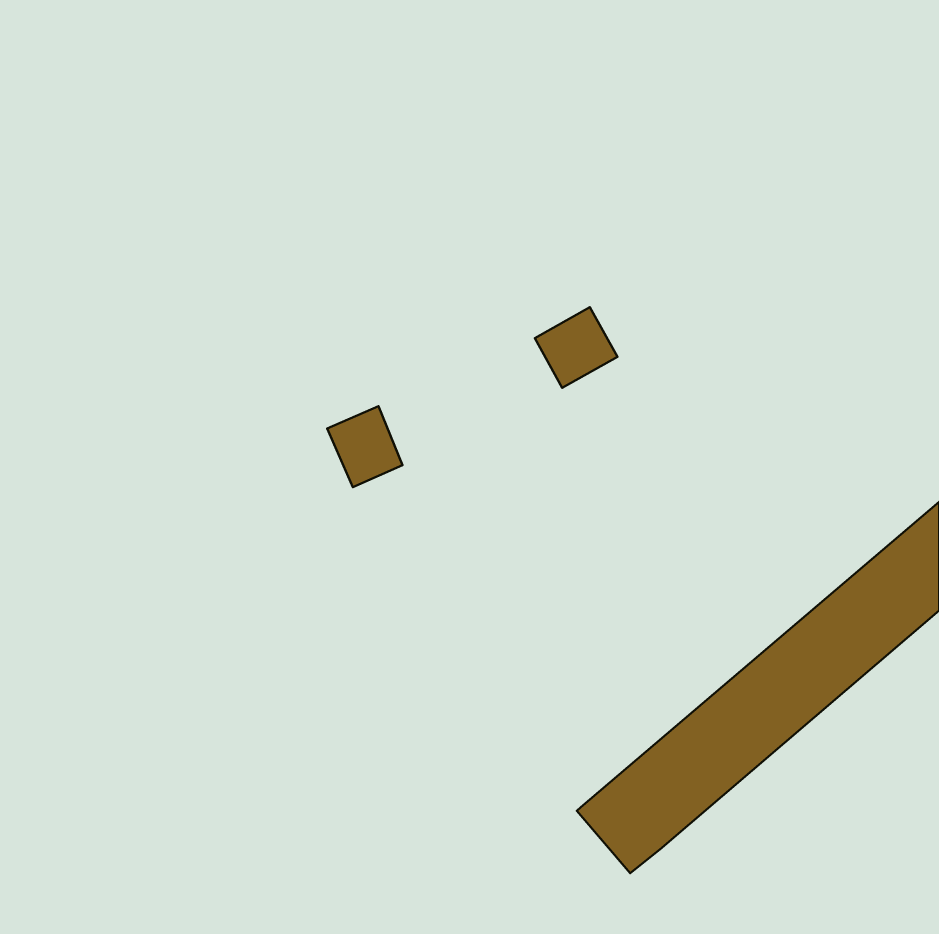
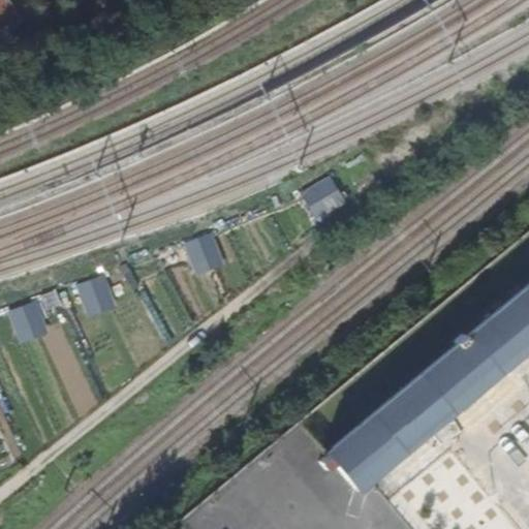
building: none -> [76,275,118,318]
building: none -> [11,302,49,342]

